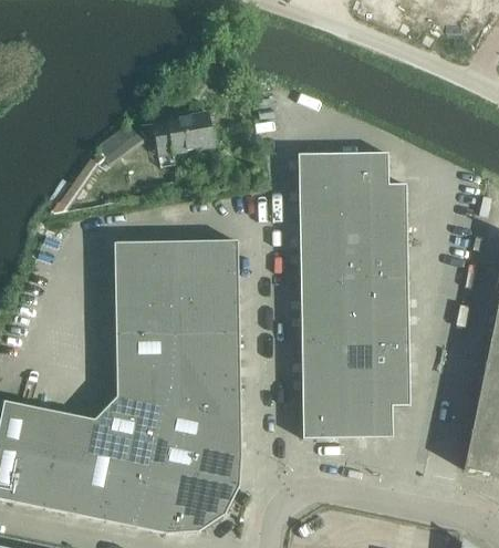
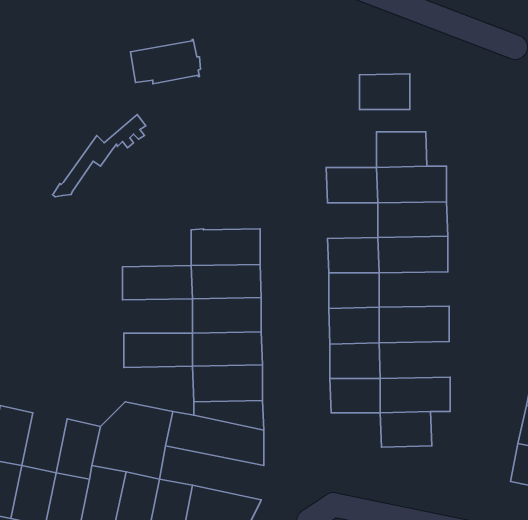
building: [152,111,215,151] -> [131,40,201,84]
building: [298,152,343,184] -> [359,74,410,109]
building: [299,216,344,248] -> none
building: [113,240,176,273] -> none
building: [345,278,408,310] -> none
building: [114,302,177,333] -> none
building: [345,341,409,374] -> none
building: [115,363,178,407] -> none
building: [23,405,64,459] -> none
building: [302,405,347,437] -> none
building: [147,435,241,484] -> none

